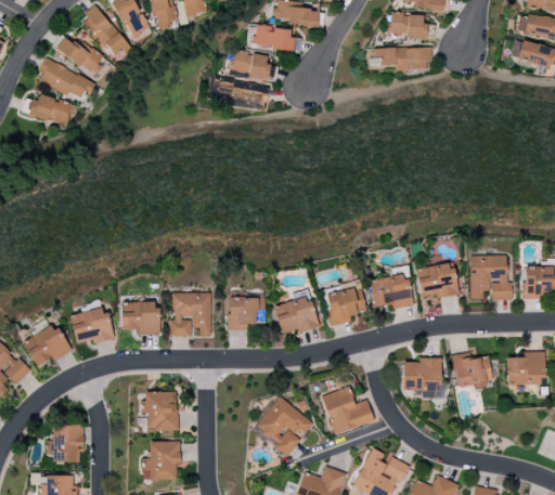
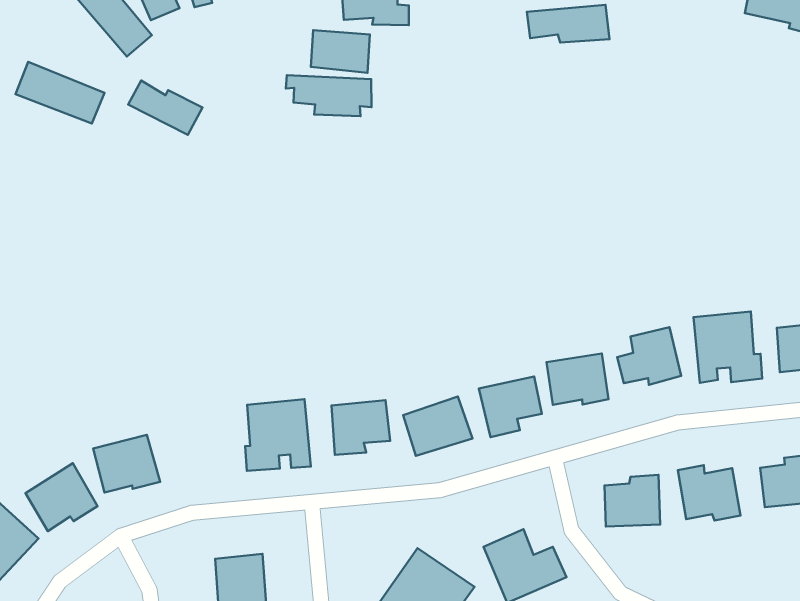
building: [54,35,103,73] -> [128,80,203,135]
building: [30,93,75,126] -> none
building: [121,301,157,334] -> none

